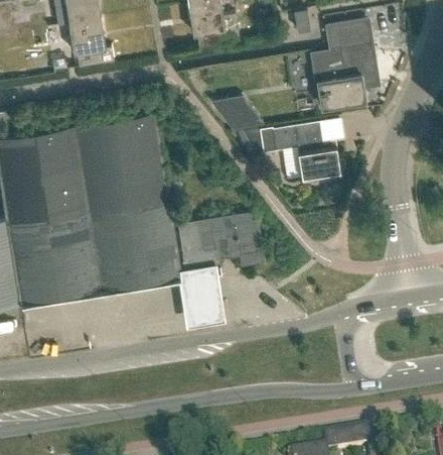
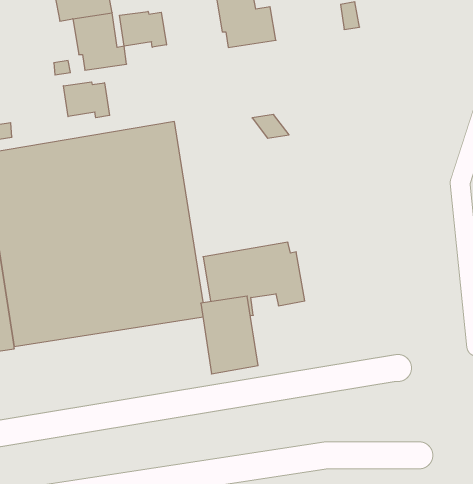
building: none -> [120,11,166,47]
building: [313,20,377,108] -> none
building: none -> [63,82,110,118]
building: [260,122,340,178] -> none

